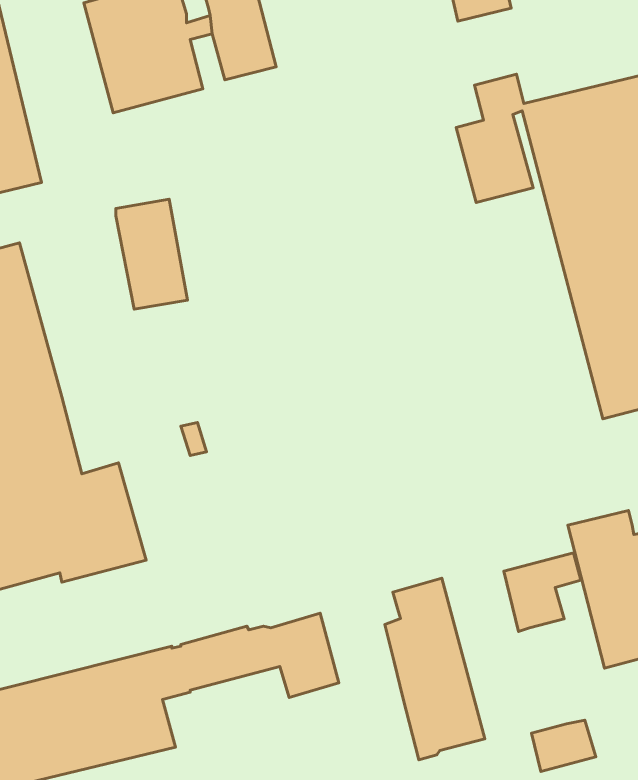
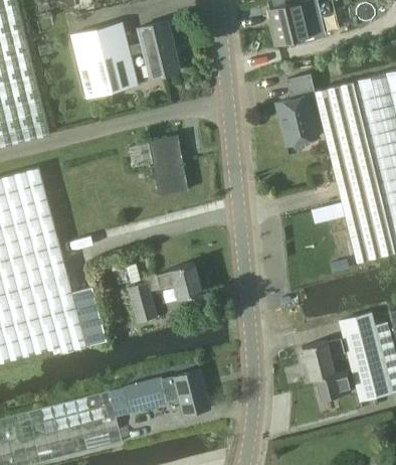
building: [116,199,187,309] -> [149,136,188,196]
building: none -> [128,262,204,324]
building: [385,578,485,760] -> none
building: [532,720,596,772] -> [318,371,353,400]

